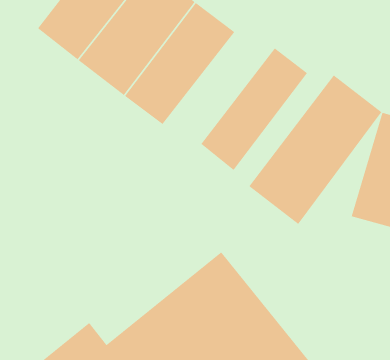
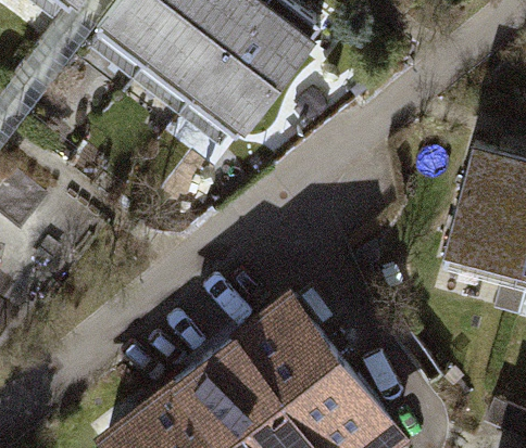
building: [200,48,308,171] -> none
building: [248,74,382,225] -> none

